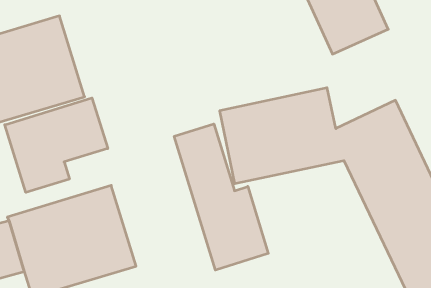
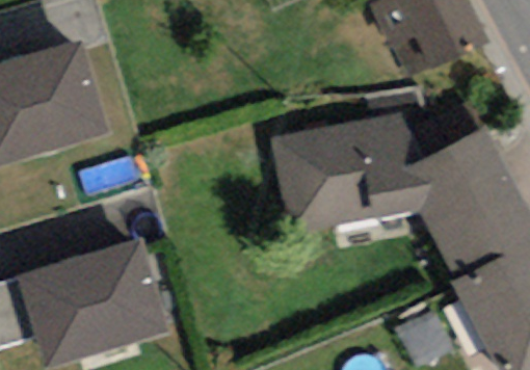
building: [5,98,108,192] -> none
building: [174,124,268,270] -> none

